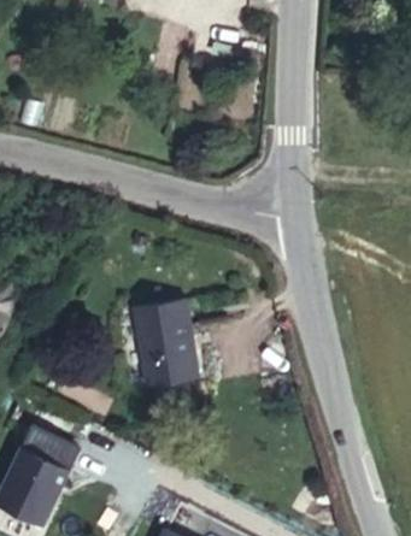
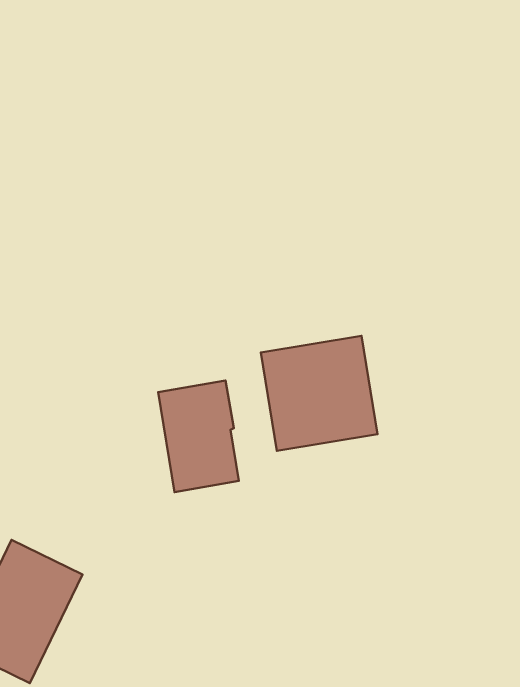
building: none -> [261,336,378,451]

